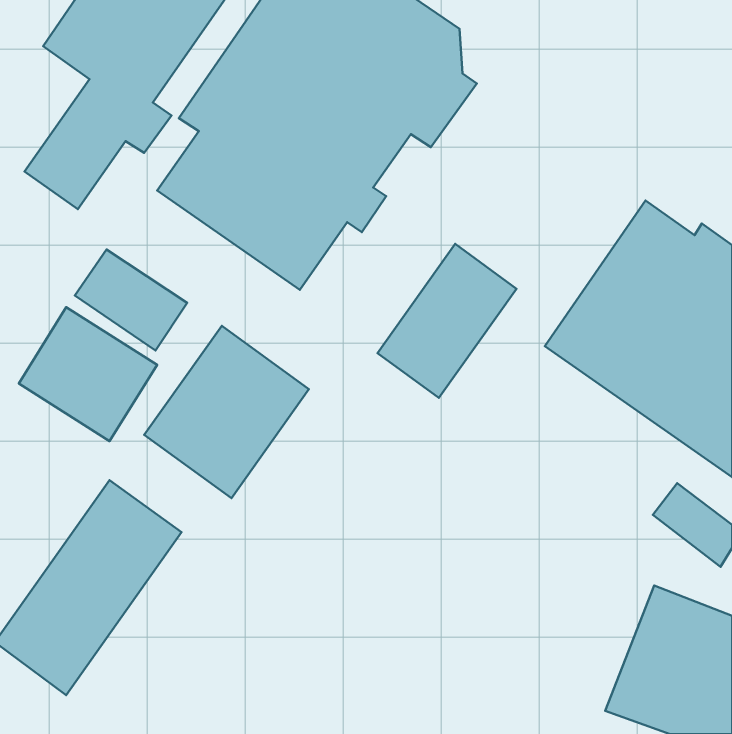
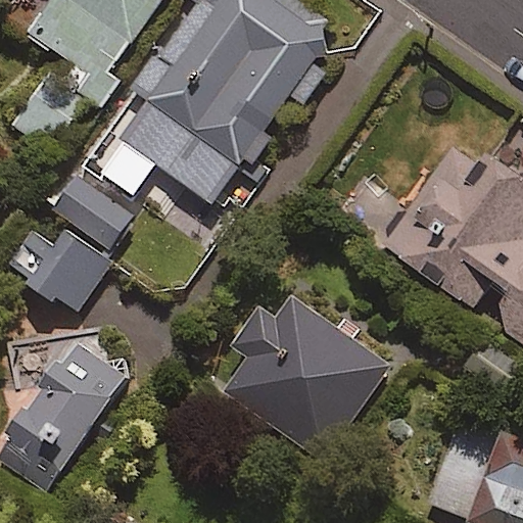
building: [378,244,516,398] -> none
building: [144,326,309,498] -> none
building: none -> [217,294,391,460]

